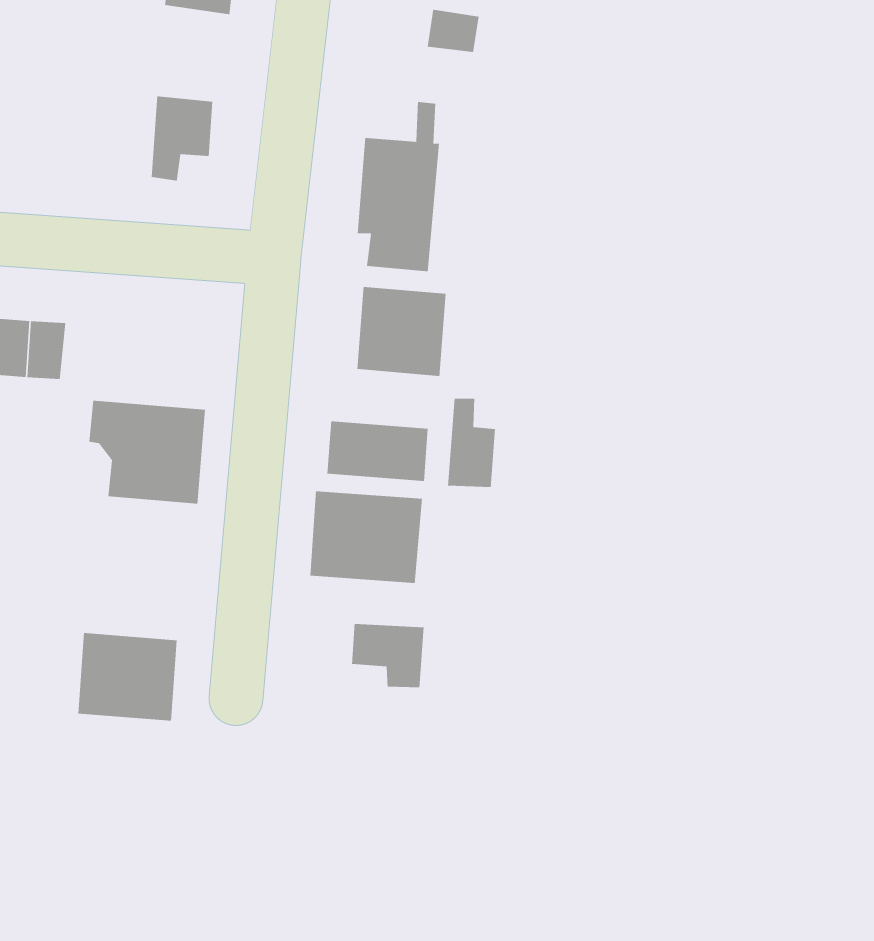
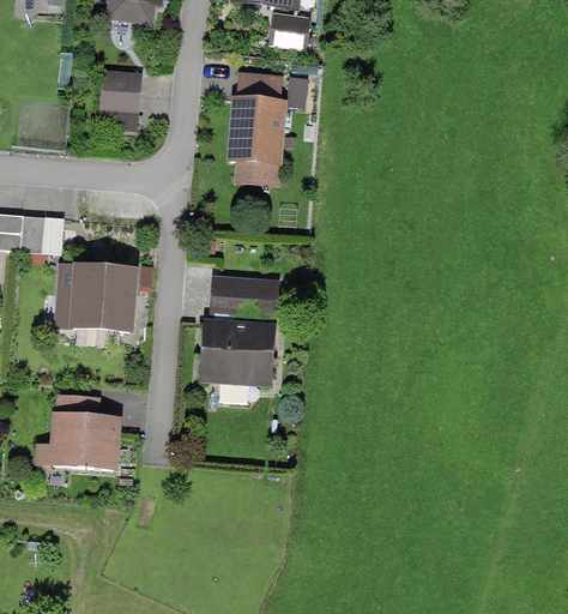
building: [357,286,446,377] -> none
building: [447,398,496,488] -> none
building: [351,623,424,688] -> none

